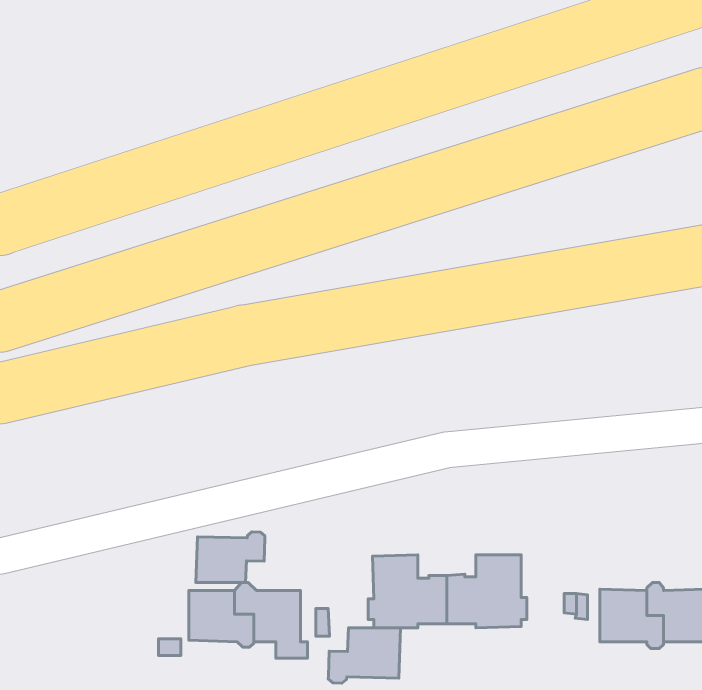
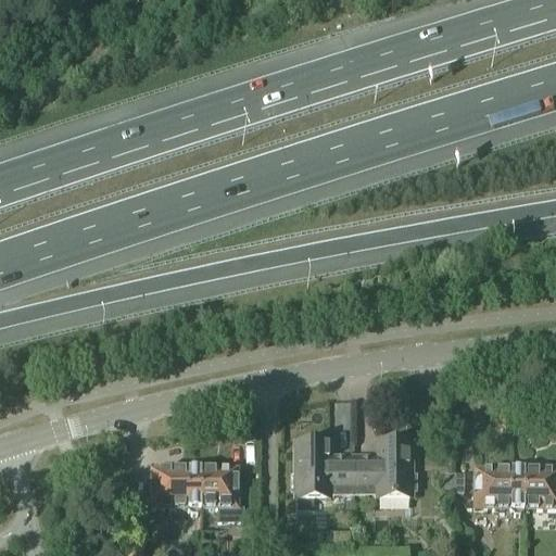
building: [196,532,265,582] -> none
building: [328,628,400,683] -> none

